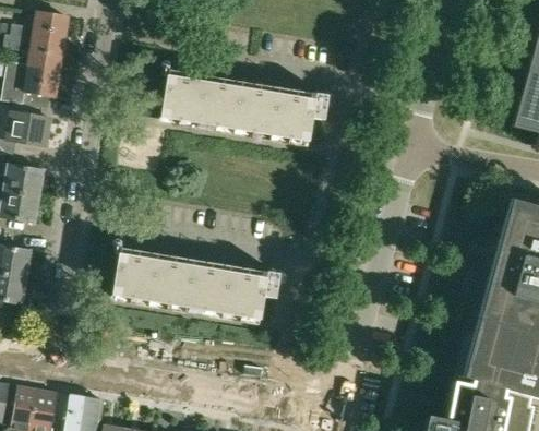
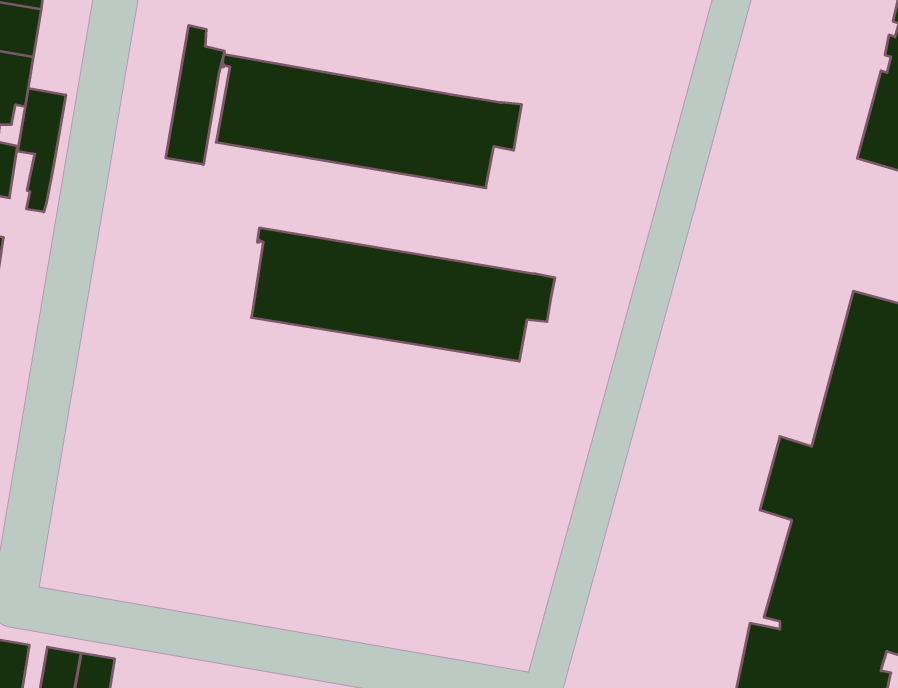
building: none -> [166,25,224,165]
building: none -> [18,88,66,212]
building: [111,246,278,319] -> [251,228,555,361]

